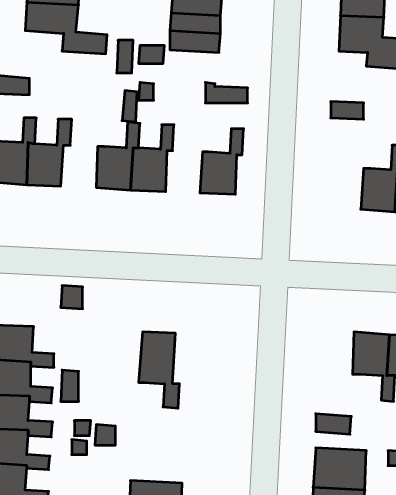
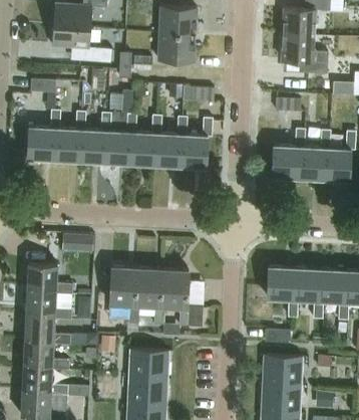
building: none -> [77,113,110,162]
building: none -> [154,117,187,166]
building: none -> [272,130,305,178]
building: none -> [109,267,138,333]
building: none -> [266,267,298,318]
building: none -> [159,269,204,327]
building: none -> [128,350,167,380]

